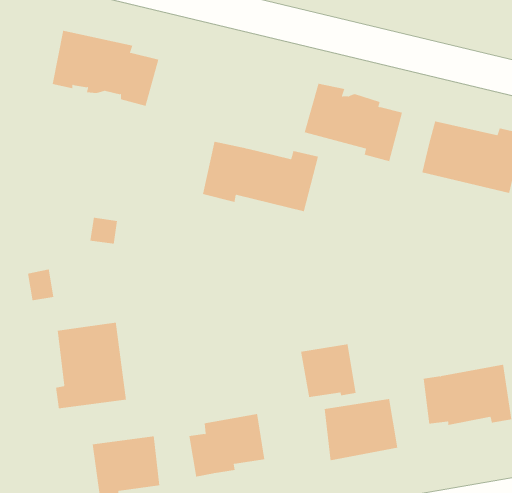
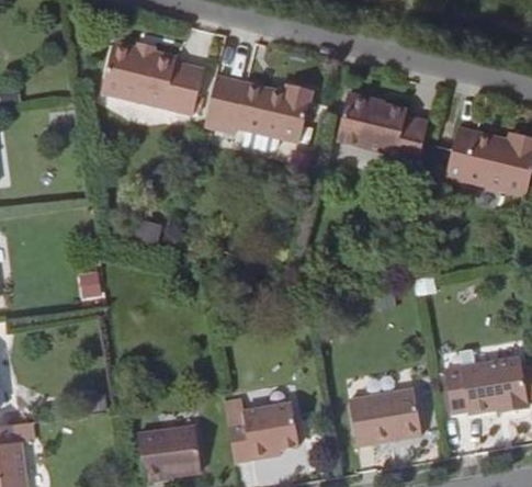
building: [202,141,319,212] -> [203,77,312,143]
building: [56,322,126,409] -> none
building: [301,343,356,398] -> none

